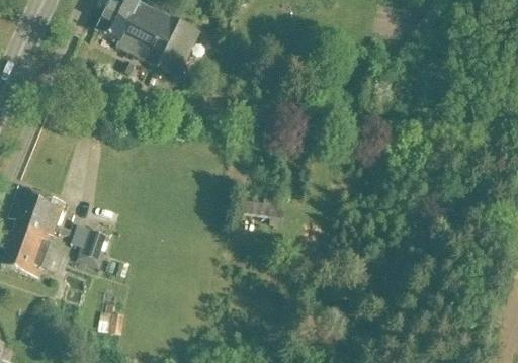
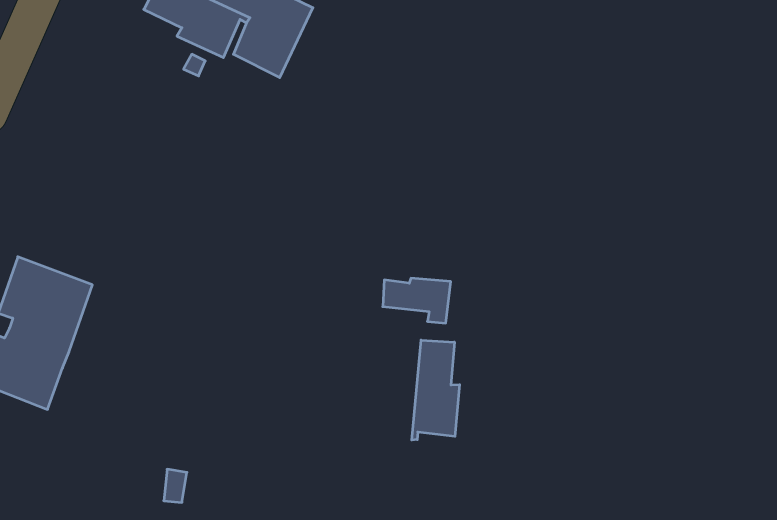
building: [75,225,108,266] -> none
building: none -> [412,340,460,440]

